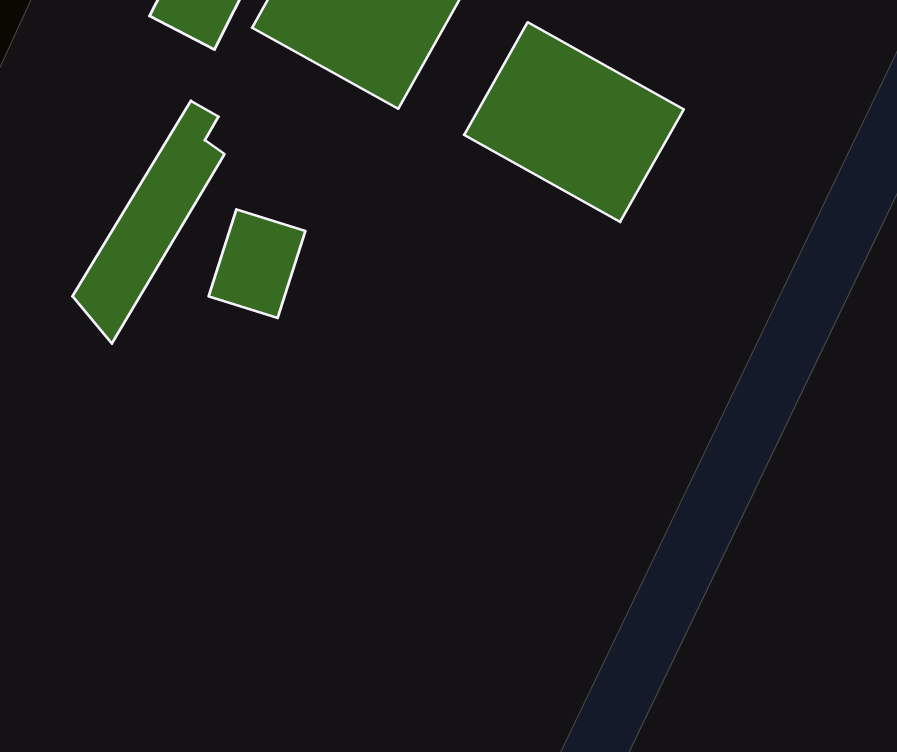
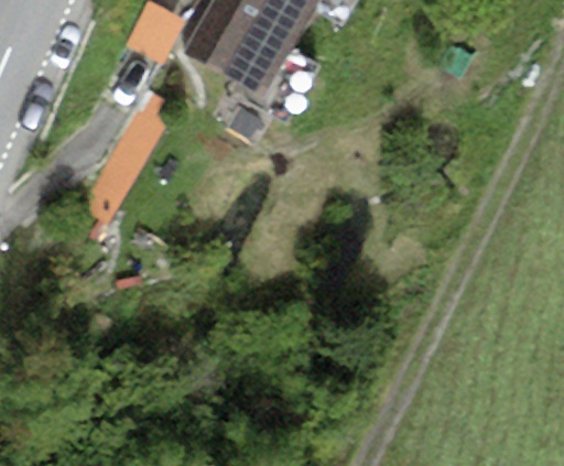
building: [464,22,684,222] -> none

